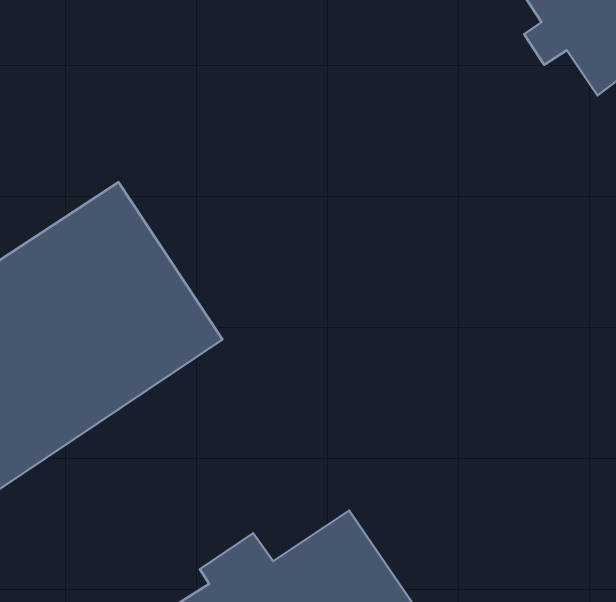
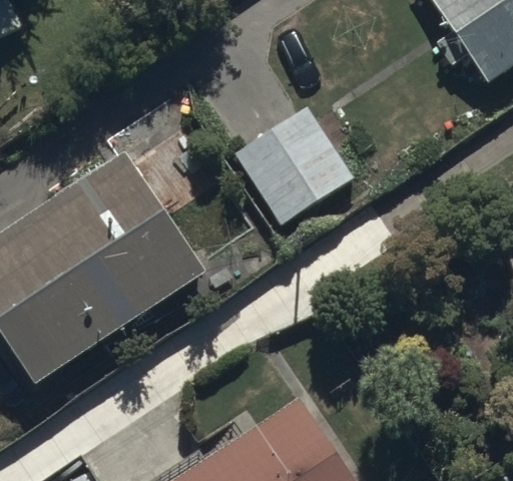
building: none -> [230,106,356,229]

